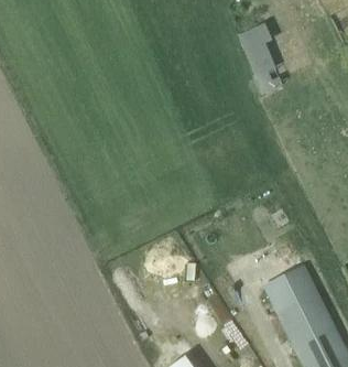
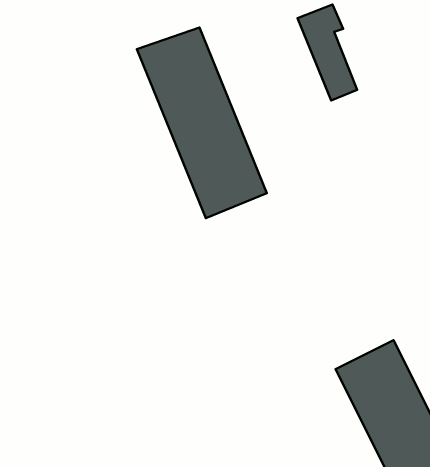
building: none -> [137,28,267,218]

